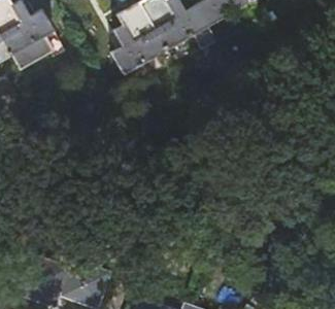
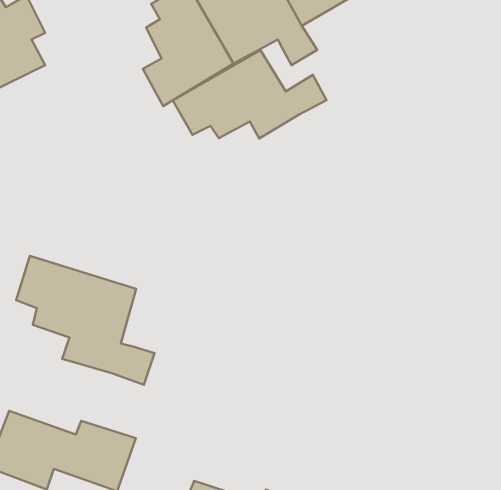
building: none -> [173,50,327,138]
building: none -> [16,256,154,385]

